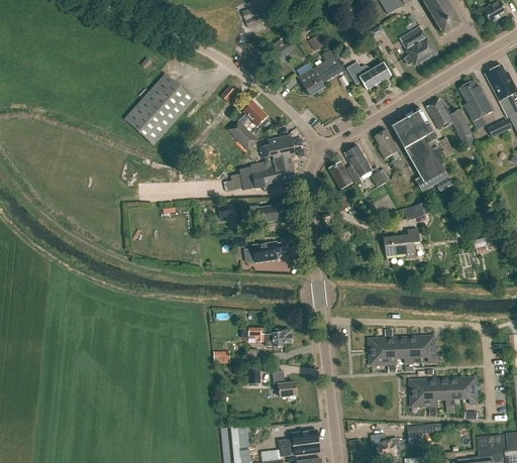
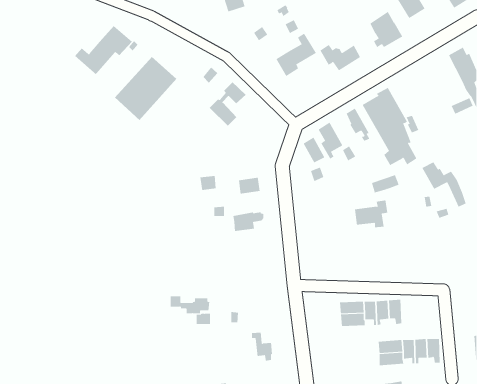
building: none -> [74,25,133,78]
building: [459,80,492,121] -> none
building: [426,99,475,148] -> [422,161,467,207]
building: [224,134,296,191] -> none
building: [248,327,292,346] -> [170,296,210,314]

